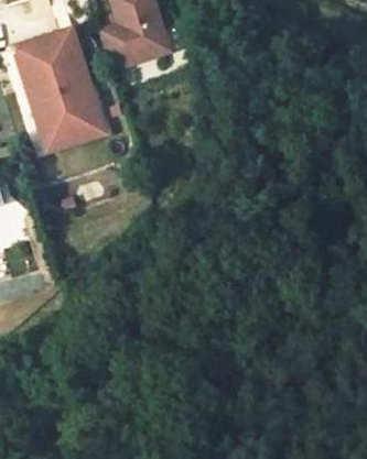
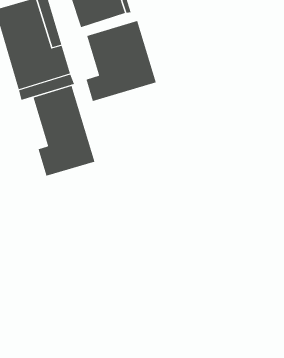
building: none -> [86,20,157,102]
building: none -> [33,85,95,176]

